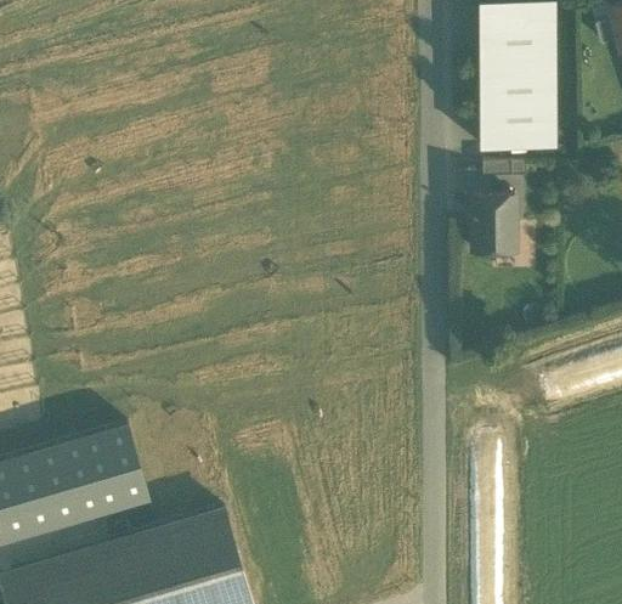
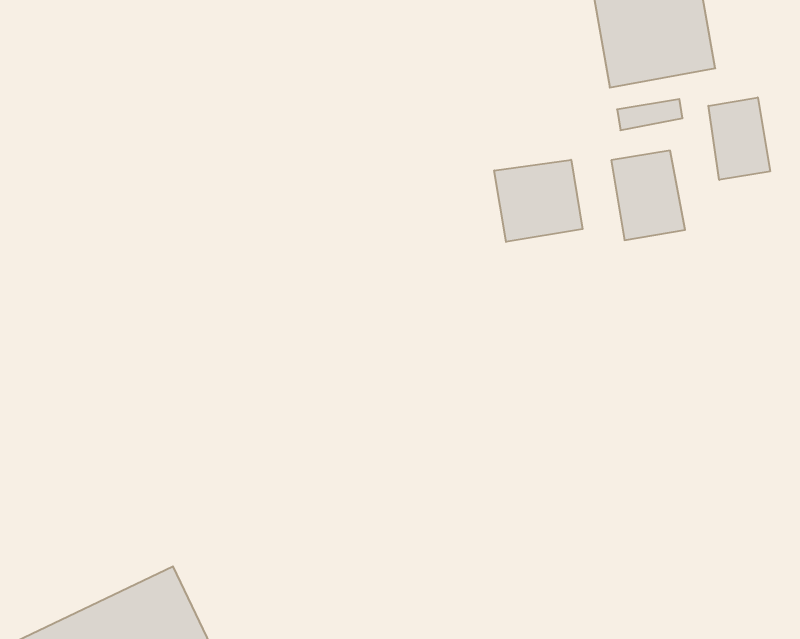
building: none -> [708,97,770,180]
building: none -> [494,160,583,242]

